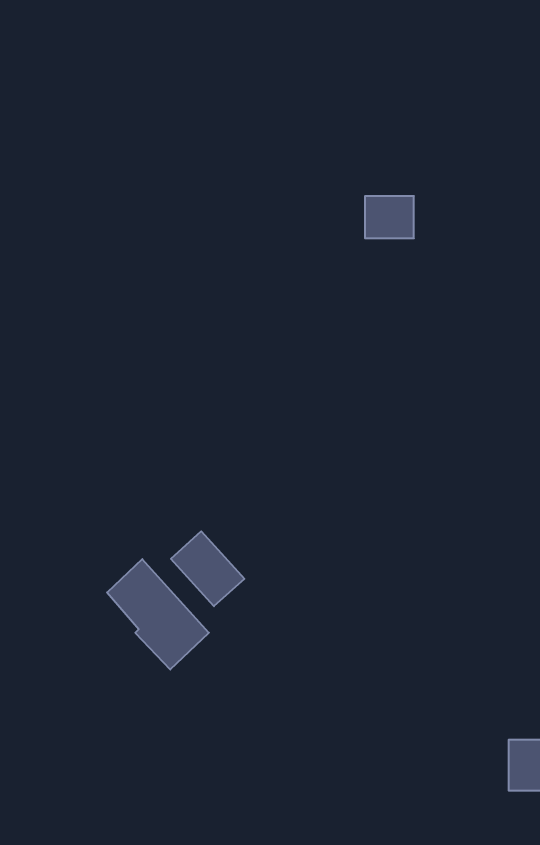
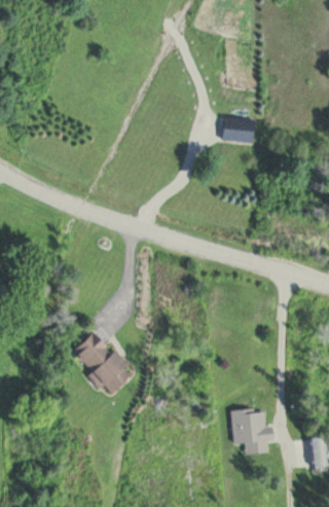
building: [171,531,244,606] -> none
building: none -> [232,411,266,454]

